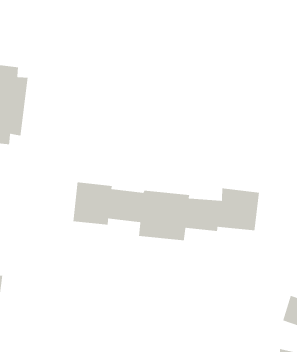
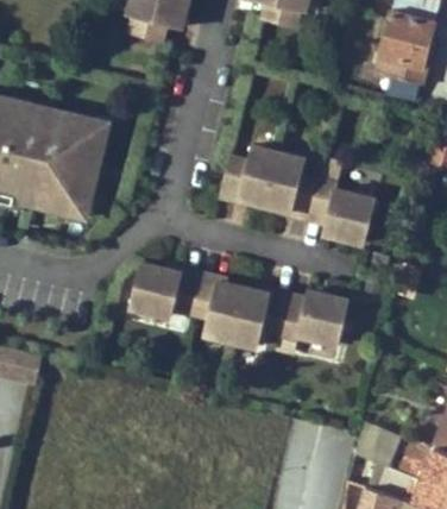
building: none -> [219,144,374,243]

